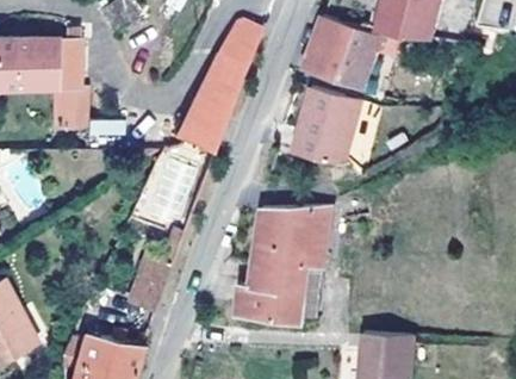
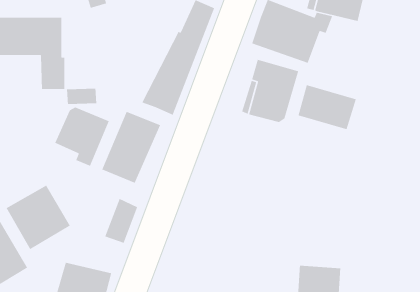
building: none -> [297,84,357,130]
building: none -> [54,106,110,167]
building: [236,209,330,327] -> none
building: none -> [6,185,71,250]

